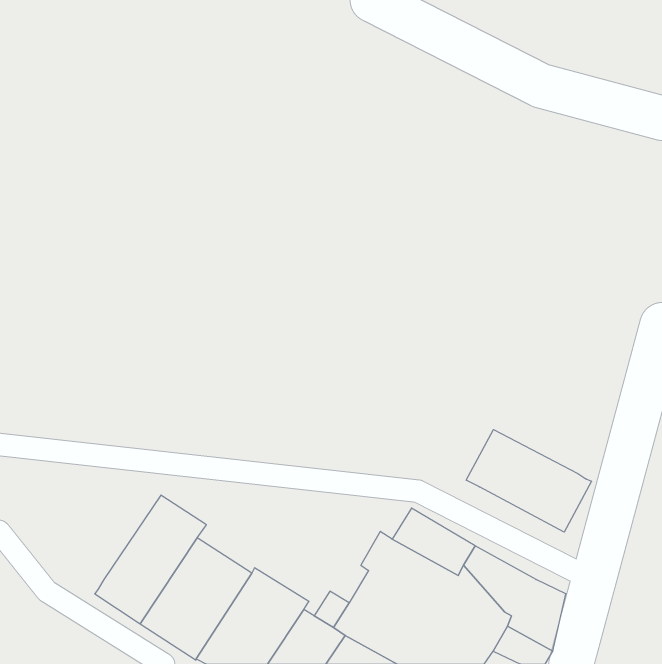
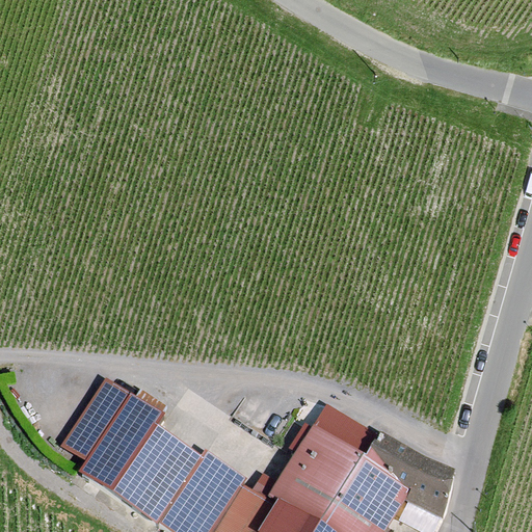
building: [466,430,592,532] -> none
building: none -> [60,379,129,463]

